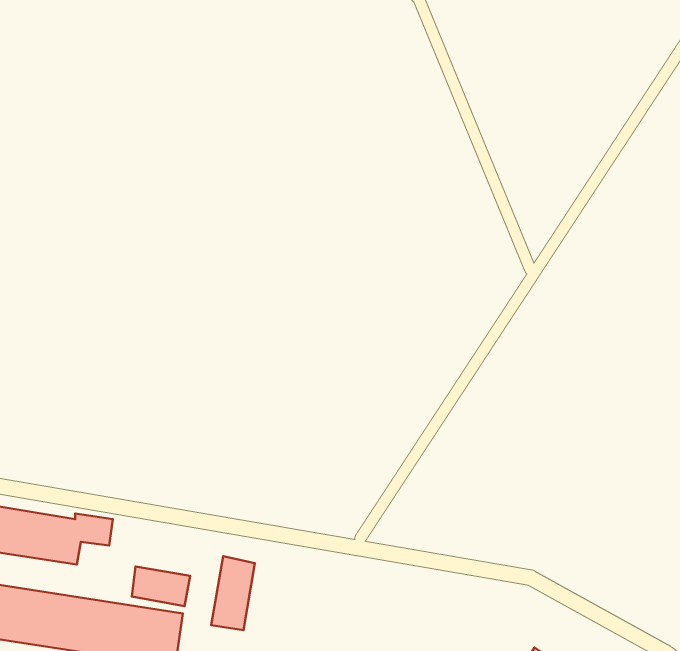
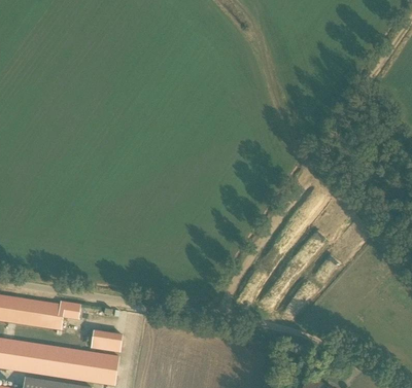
building: [211,556,255,630] -> none

